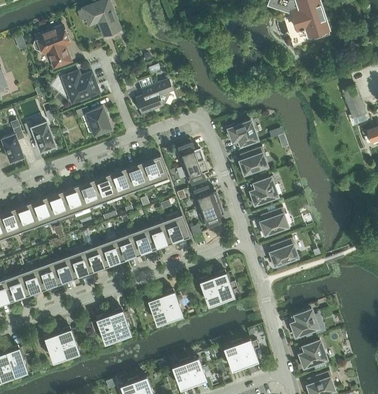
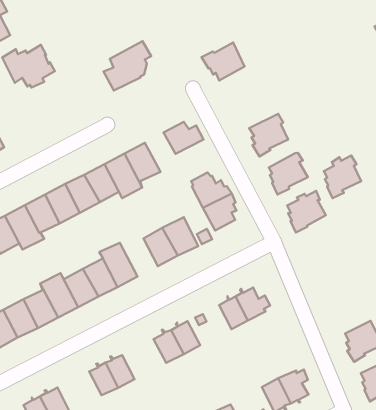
building: [76,108,111,136] -> none
building: [226,121,257,148] -> [202,42,244,80]
building: [182,159,208,185] -> none
building: [132,227,158,255] -> none
building: [270,238,297,268] -> [324,156,361,198]

